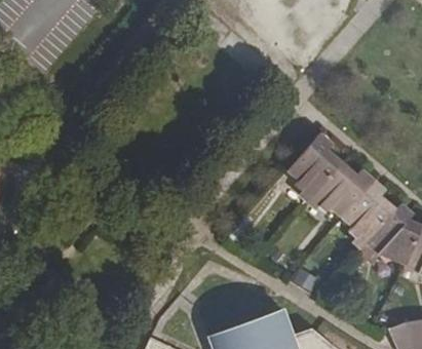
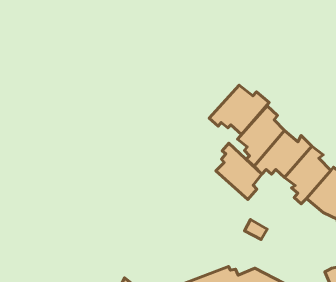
building: none -> [209,85,269,135]
building: none -> [216,143,262,199]

